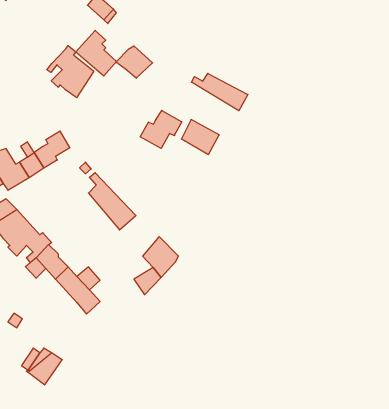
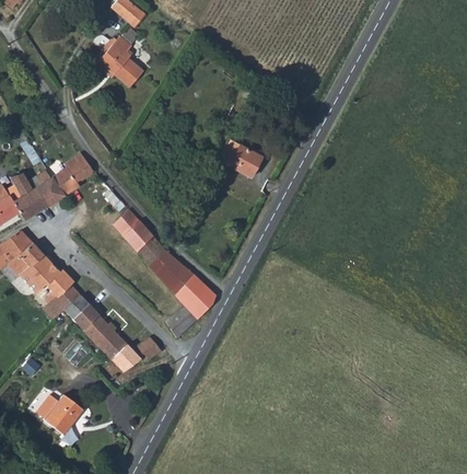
building: [47,46,94,98] -> none
building: [116,46,153,78] -> none
building: [191,73,248,111] -> none
building: [140,110,182,148] -> none
building: none -> [149,247,194,293]
building: none -> [102,335,162,380]

